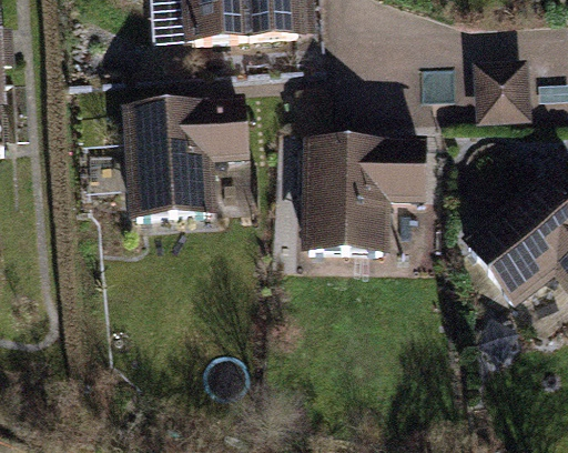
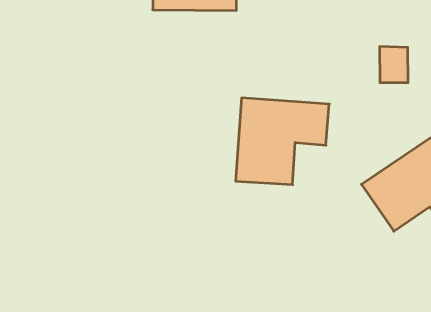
building: [131,107,245,219] -> none

